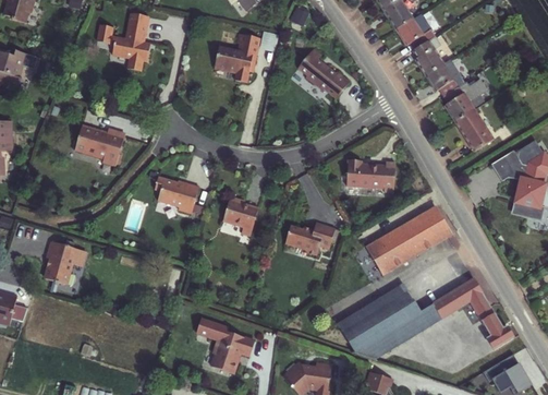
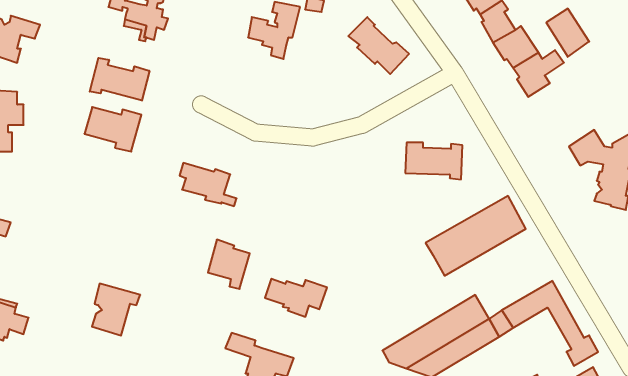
building: none -> [90,58,149,101]
building: [455,107,492,148] -> [546,9,589,57]
building: [222,195,258,238] -> [208,240,250,289]
building: [283,219,337,252] -> [265,279,327,317]
building: [41,240,83,285] -> [92,284,140,336]

